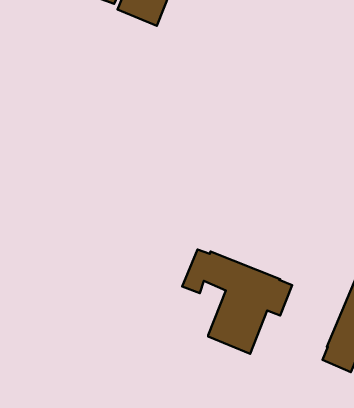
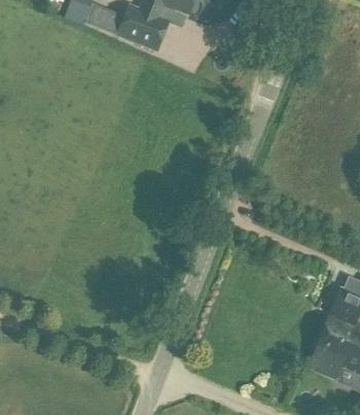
building: [182,249,292,354] -> none

